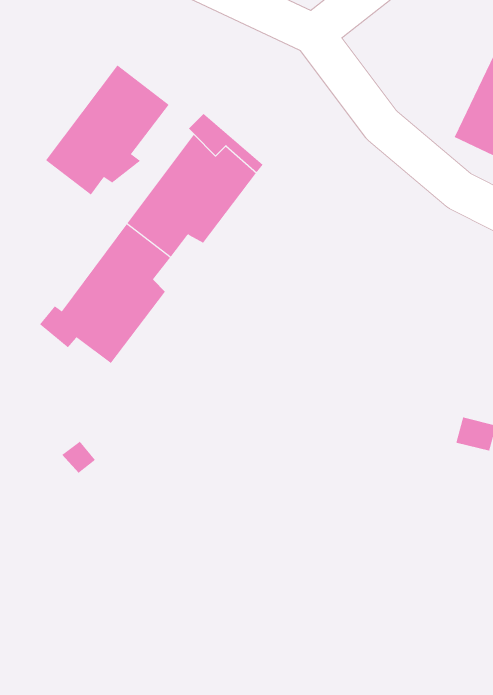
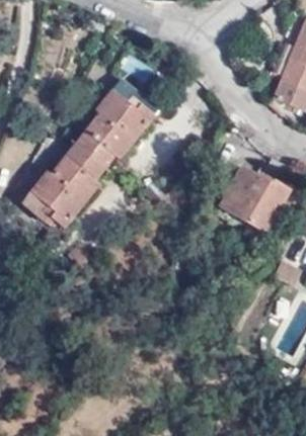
building: [45,65,169,196] -> none
building: none -> [216,165,287,231]

